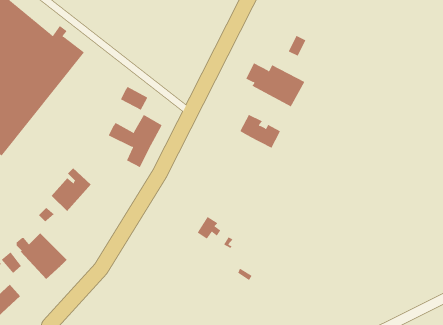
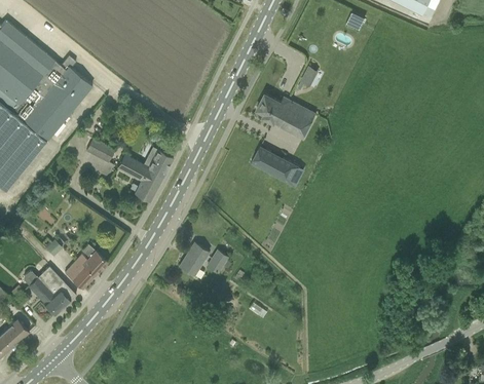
building: [120,86,148,110] -> [85,139,114,163]
building: [51,167,91,212] -> [65,244,106,290]
building: none -> [178,243,209,279]

